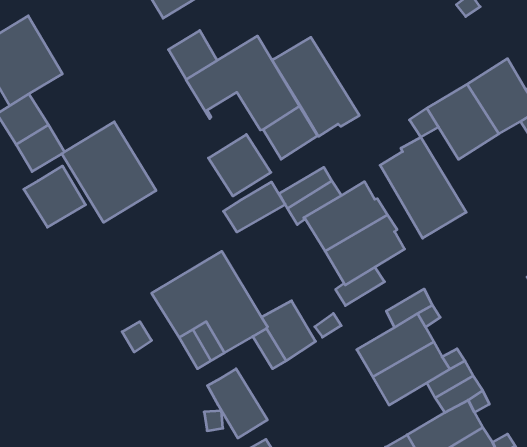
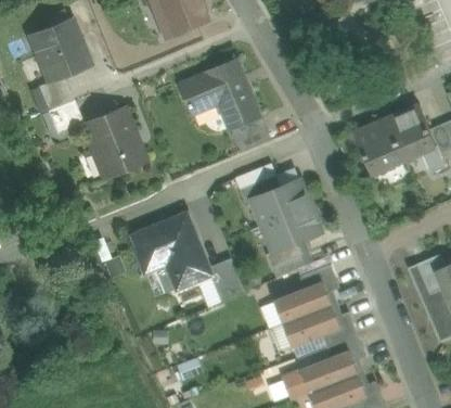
building: [168,30,217,79] -> none
building: [271,37,359,136] -> none
building: [208,134,271,196] -> none
building: [380,137,466,238] -> none
building: [24,166,86,227] -> none
building: [223,182,285,232] -> none
building: [207,369,267,438] -> none

